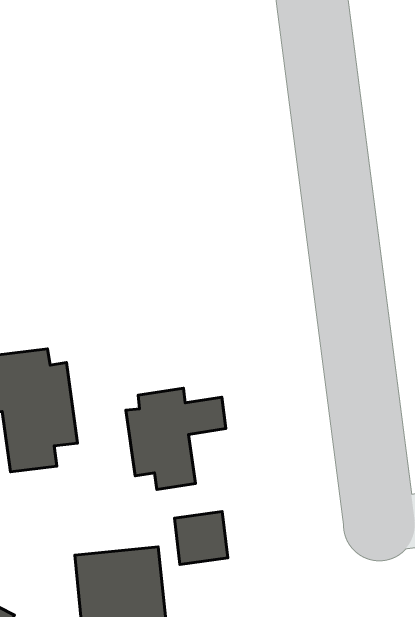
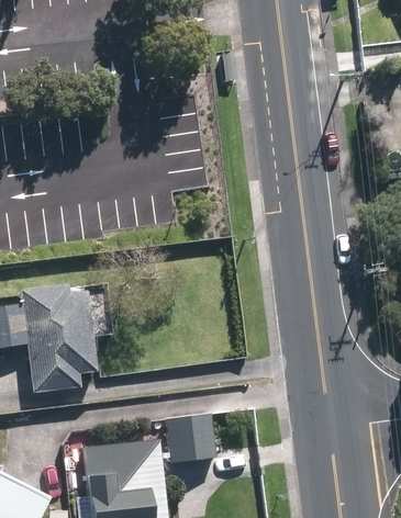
building: [126,388,226,490] -> none

